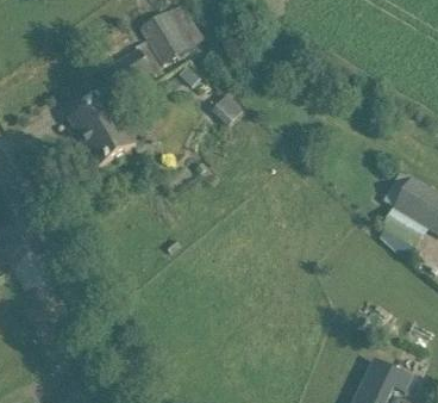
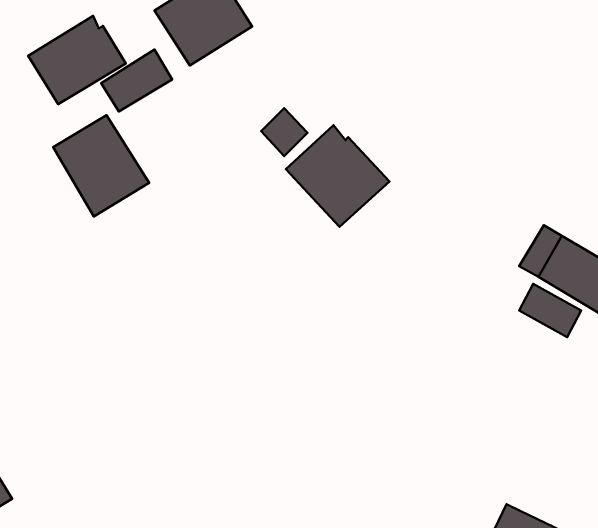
building: none -> [28,16,126,104]
building: none -> [286,125,389,227]

